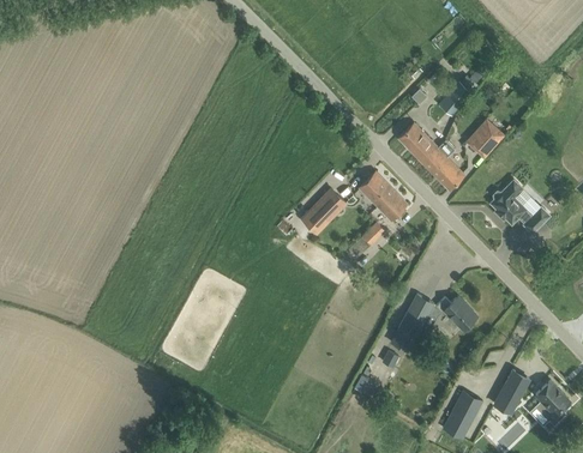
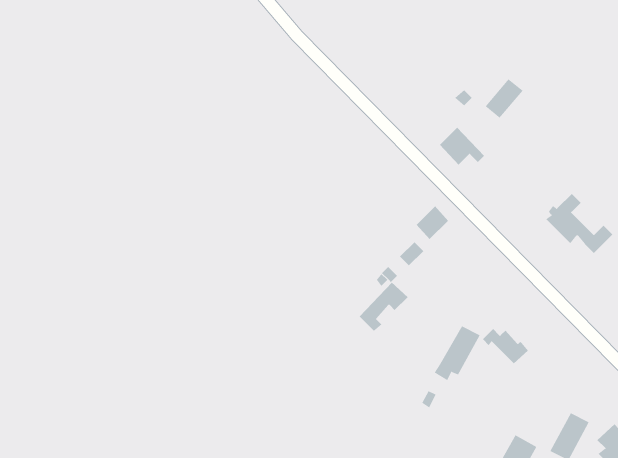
building: [465,119,504,158] -> none
building: [415,140,464,189] -> none
building: [359,171,395,207] -> none
building: [302,189,345,232] -> [359,282,408,332]

